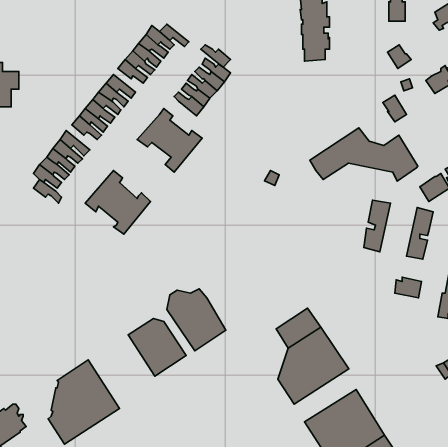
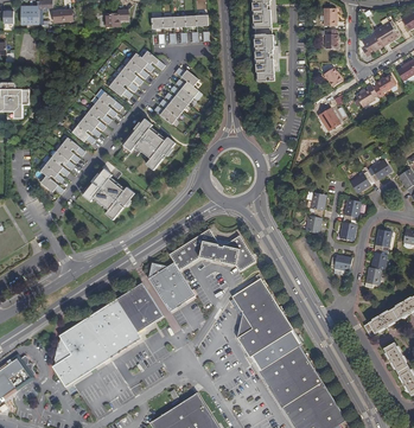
building: [310,128,418,181] -> [168,229,255,272]
building: none -> [84,300,141,359]
building: none -> [249,327,301,370]

